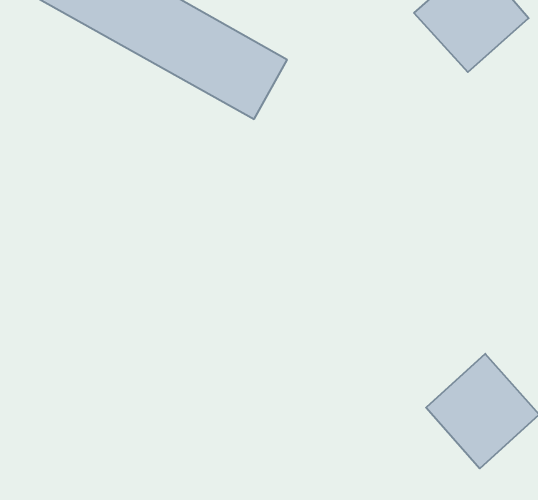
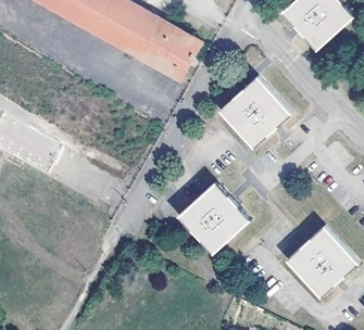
building: none -> [218,77,292,150]
building: none -> [179,183,249,252]

